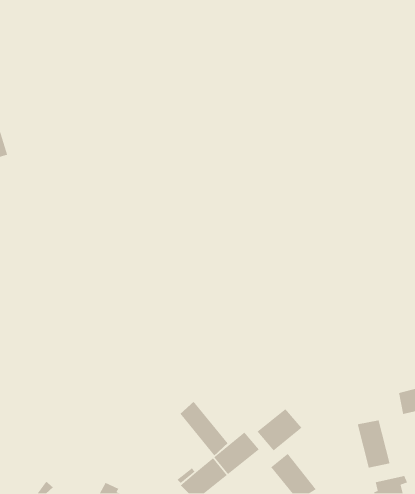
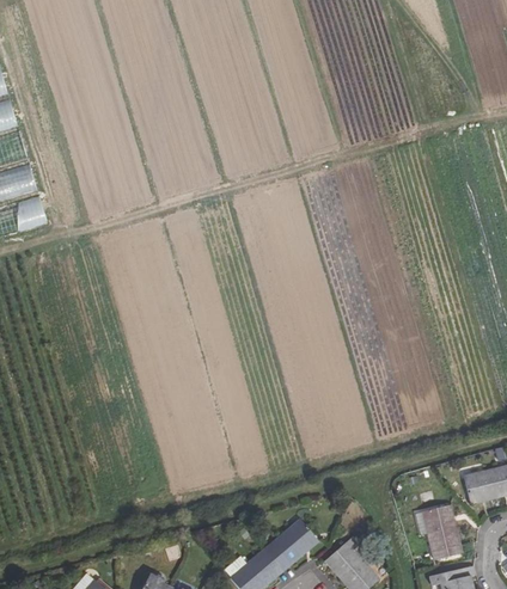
building: [180,401,228,456] -> none
building: [256,408,303,451] -> none

